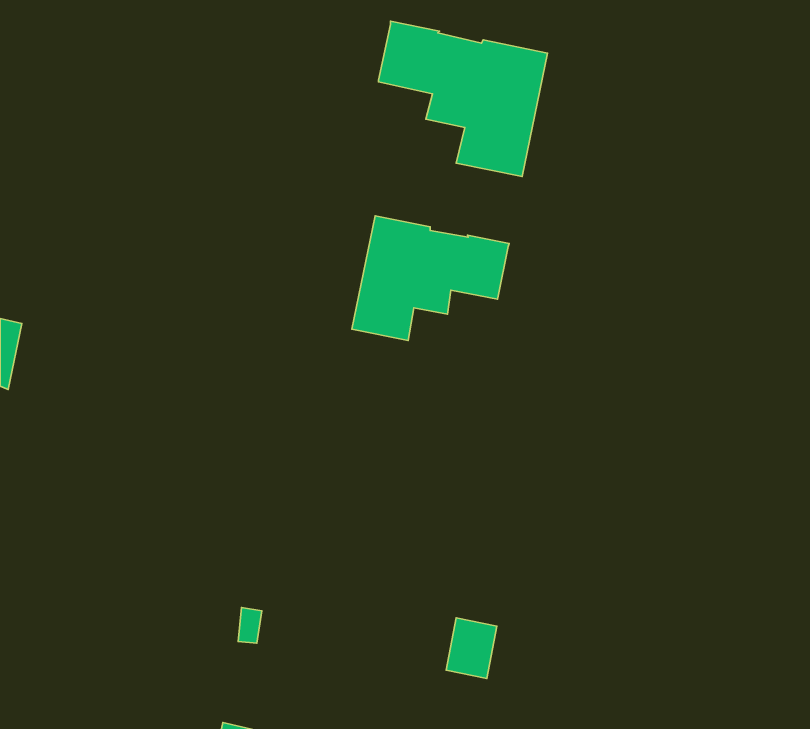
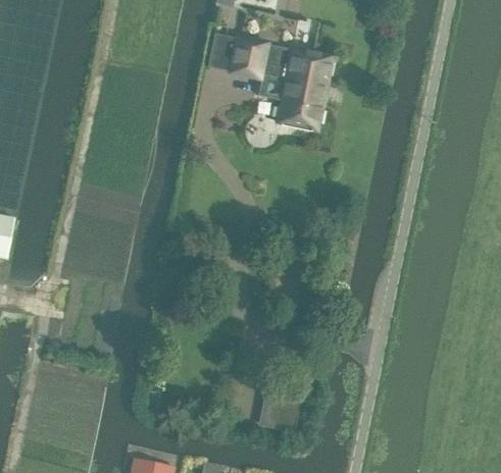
building: [352,216,509,341] -> none

